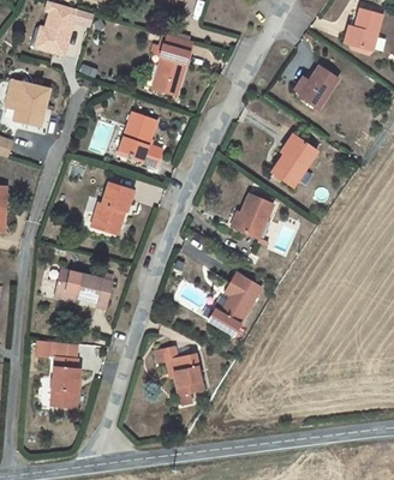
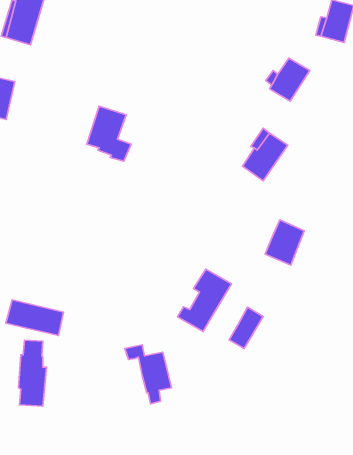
building: [151,34,191,94] -> none
building: [90,182,132,233] -> none
building: [233,193,271,238] -> [265,220,304,265]
building: [54,269,111,304] -> [6,300,64,336]
building: none -> [229,307,263,349]

